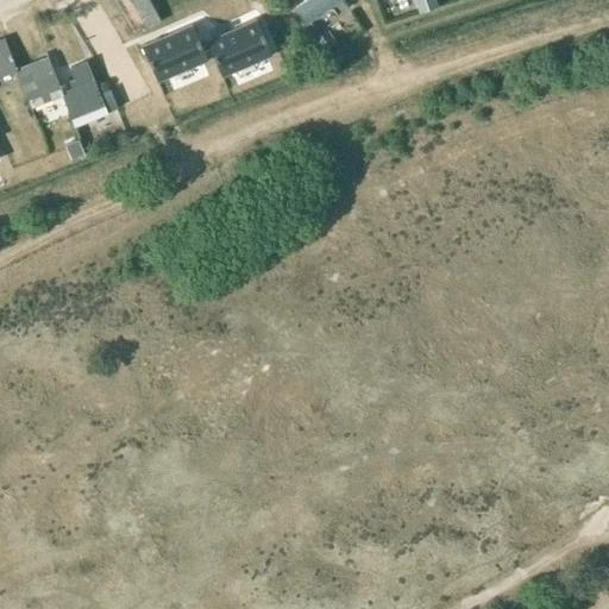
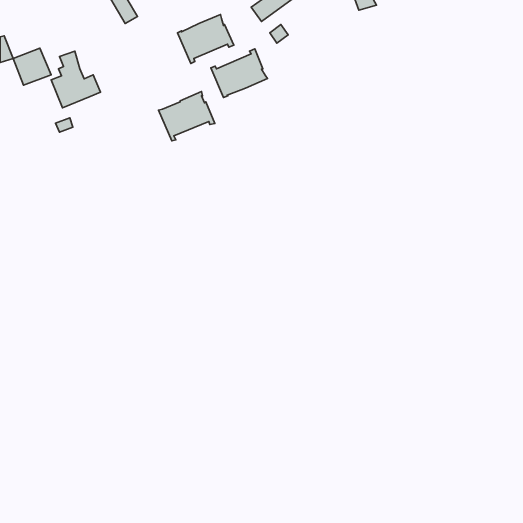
building: [143,21,208,79] -> [159,92,215,141]
building: none -> [211,49,267,98]

